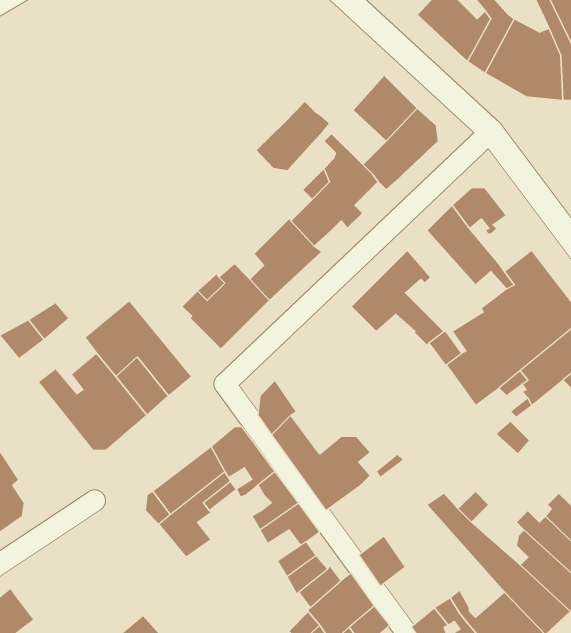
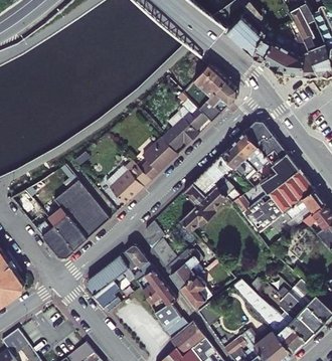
building: [256,101,329,171] -> none
building: none -> [254,136,286,165]
building: none -> [221,144,257,181]
building: none -> [180,183,225,230]
building: none -> [179,276,211,309]

